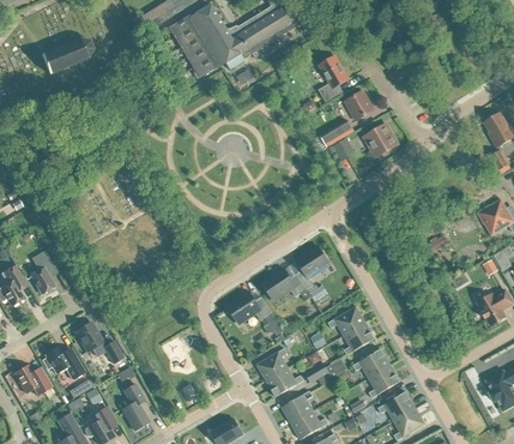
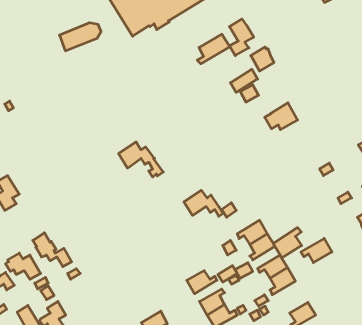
building: [42,38,93,73] -> [59,23,101,51]
building: none -> [197,34,230,64]
building: [357,124,398,157] -> [265,103,298,130]
building: [296,247,329,289] -> none
building: [228,292,283,335] -> [119,142,163,177]
building: none -> [273,228,302,258]
building: [256,348,288,380] -> none
building: [122,384,149,431] -> none
building: [377,391,416,421] -> [301,238,332,263]

